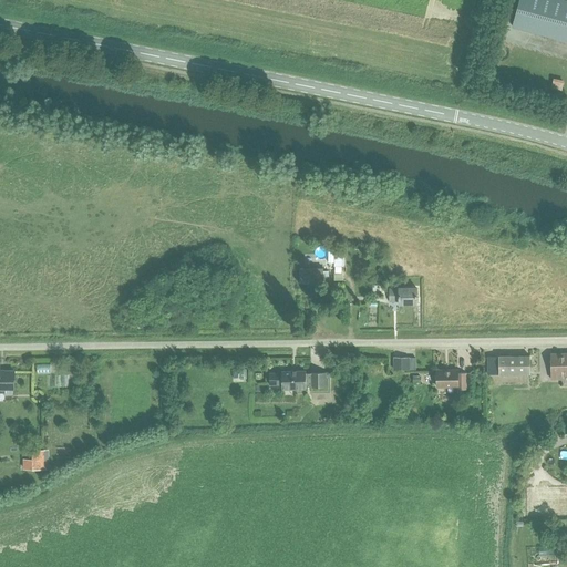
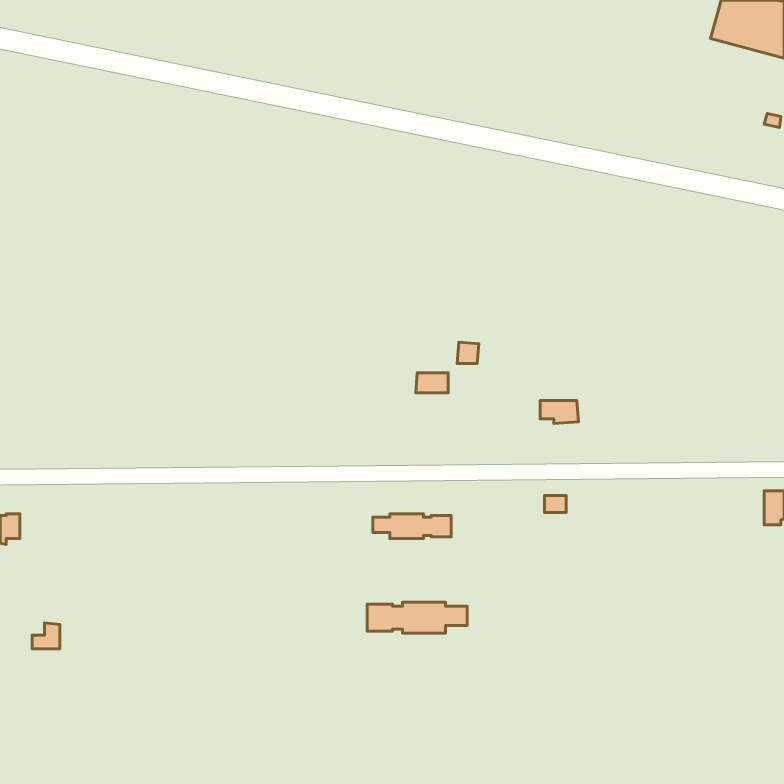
building: [488,355,529,373] -> none
building: [436,370,465,389] -> none
building: none -> [367,602,467,633]

